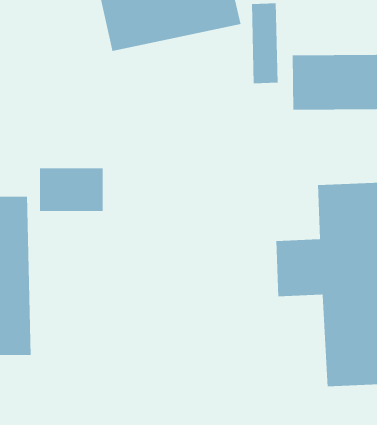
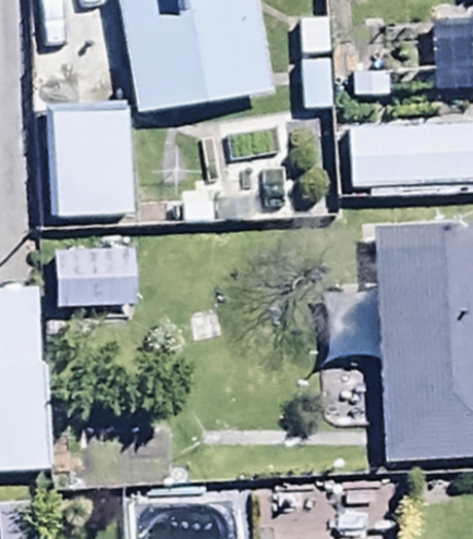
building: none -> [50,81,131,204]

